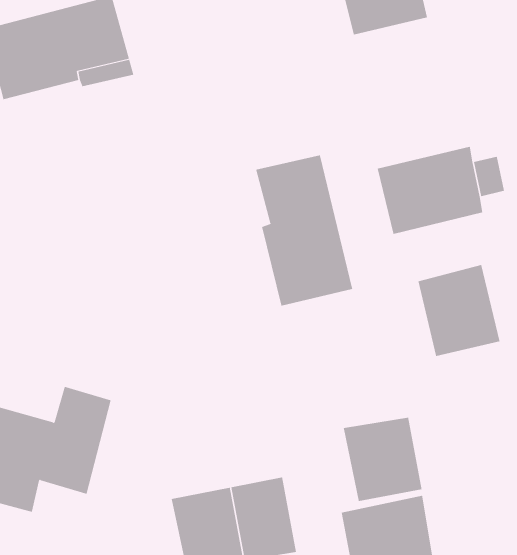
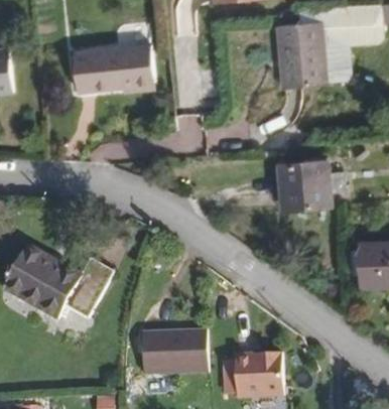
building: [255,154,353,307] -> none
building: [418,264,500,357] -> none
building: [343,417,422,502] -> none

